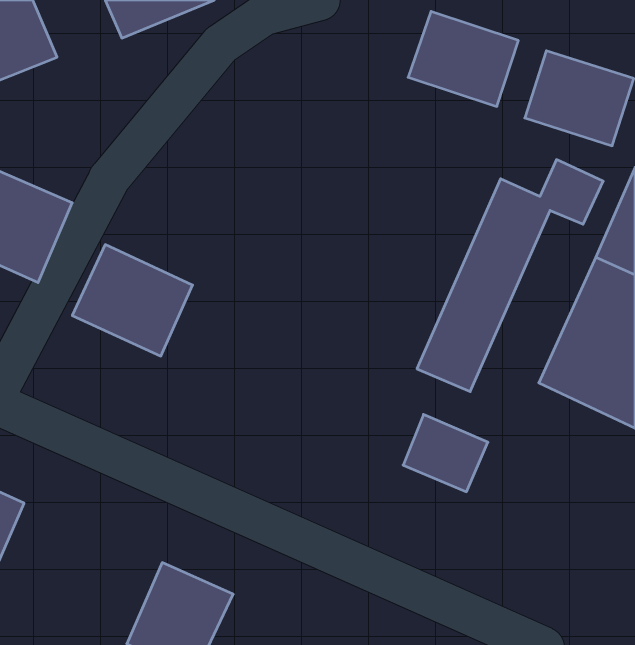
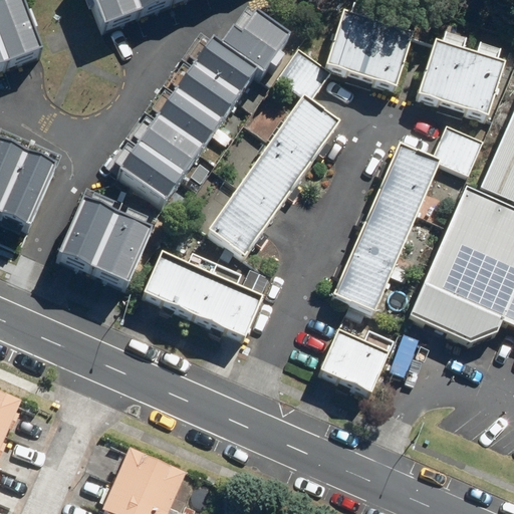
building: none -> [122,11,291,201]
building: none -> [204,51,338,257]
building: none -> [143,252,261,337]

